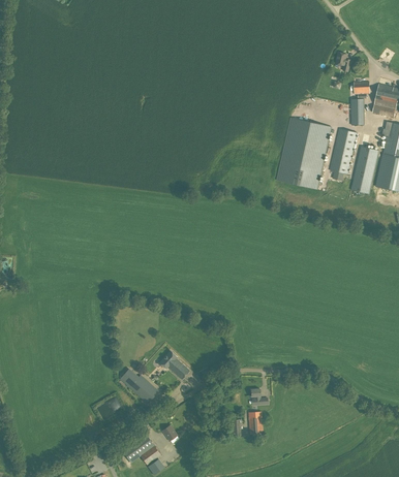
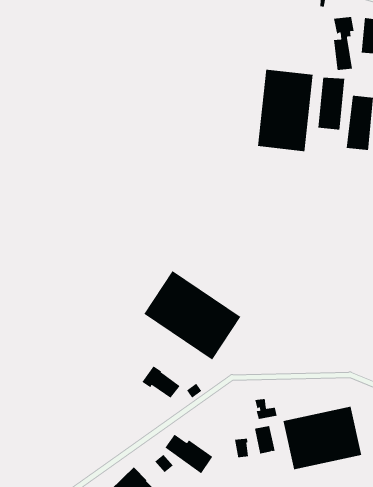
building: none -> [143,270,241,360]
building: [119,369,158,405] -> [165,434,213,474]
building: none -> [283,406,362,470]

